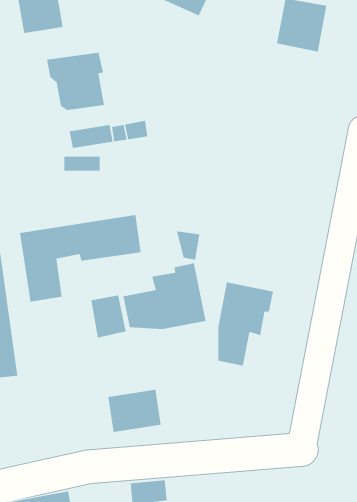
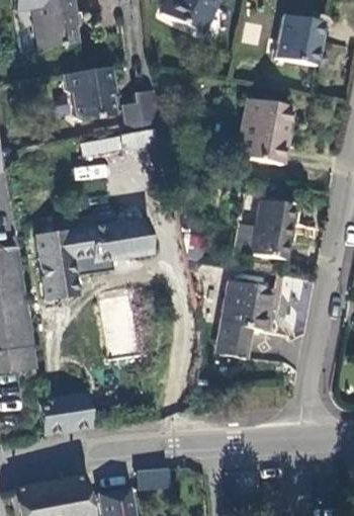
building: none -> [123,89,161,130]
building: none -> [237,99,290,165]
building: none -> [251,199,295,259]
building: [123,263,206,330] -> none
building: [107,389,162,432] -> [39,393,90,433]

